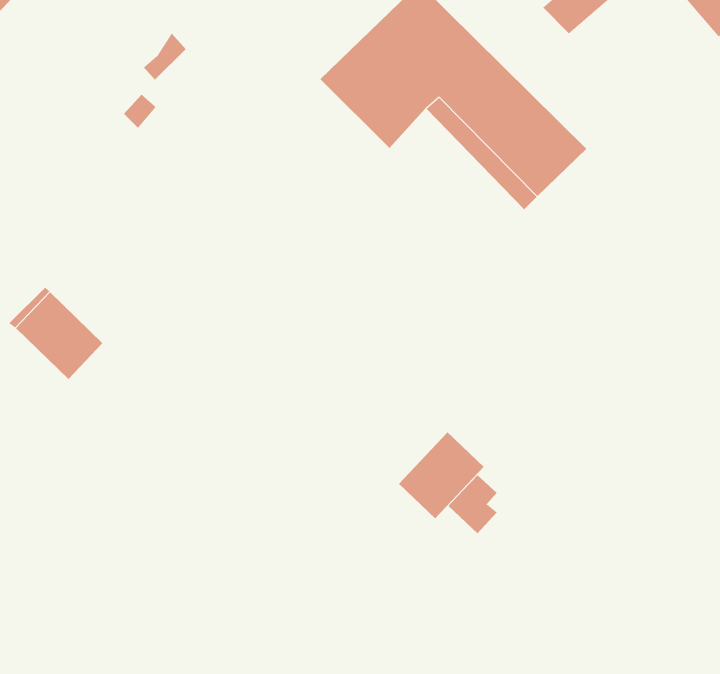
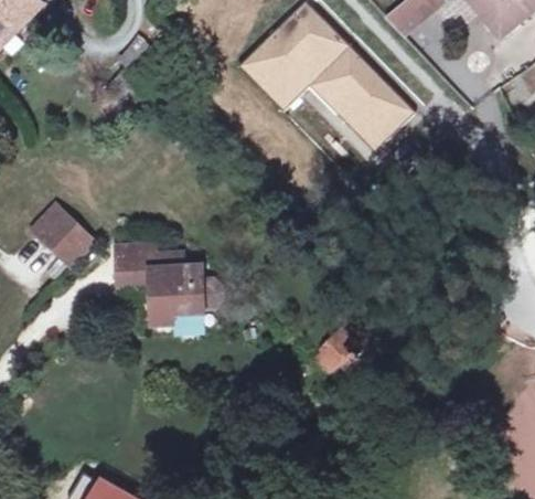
building: none -> [116,242,222,323]
building: [398,432,484,519] -> none

